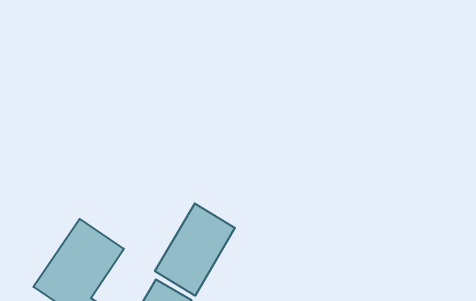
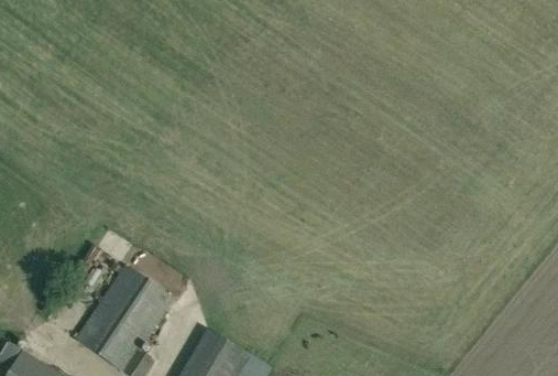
building: [155,203,235,296] -> none

